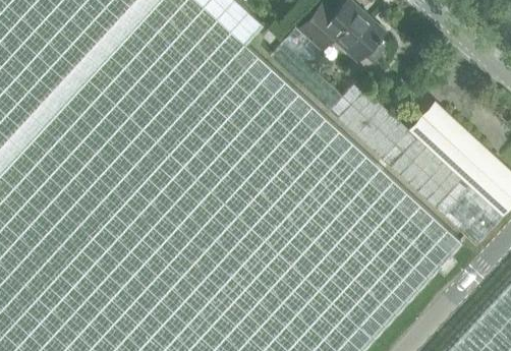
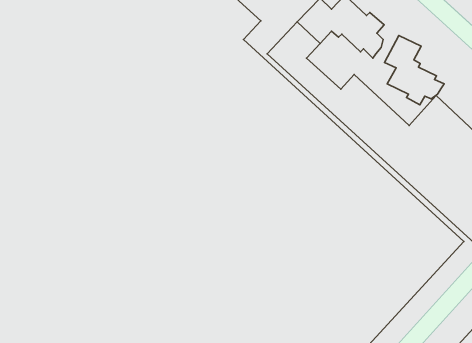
building: none -> [384,36,444,105]

